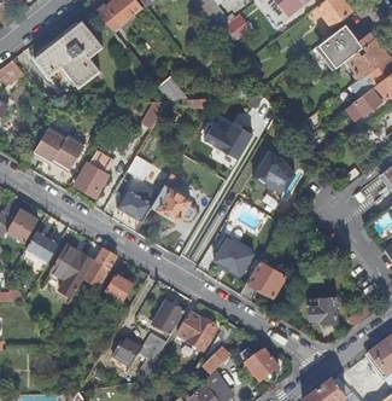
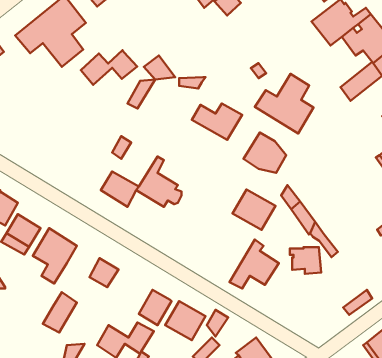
building: none -> [81,50,137,85]
building: none -> [255,74,313,134]
building: [34,126,84,169] -> none
building: [74,150,113,197] -> none
building: [212,237,253,275] -> [233,189,275,230]
building: [83,246,116,285] -> [43,292,77,333]
building: [306,297,337,322] -> [290,247,321,274]

